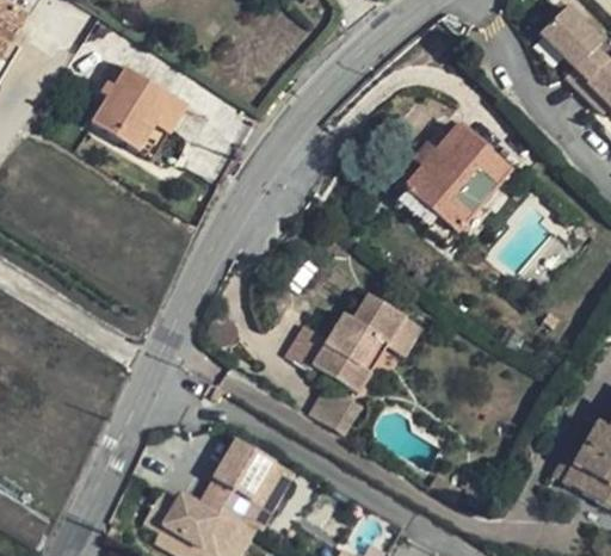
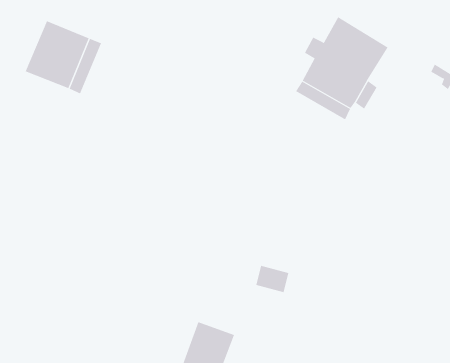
building: [291,292,406,391] -> none

